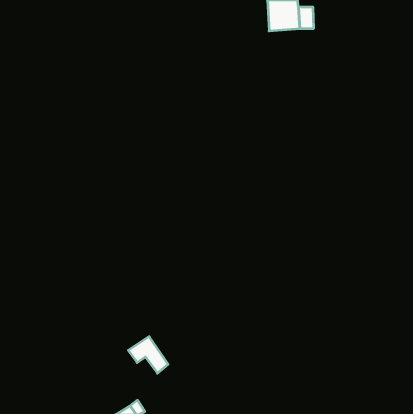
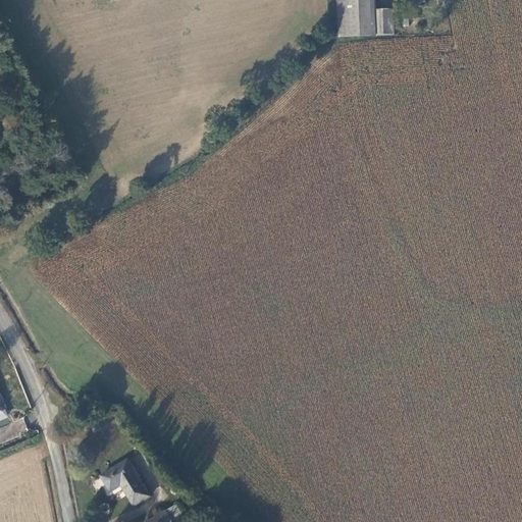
building: [128,337,168,373] -> [101,459,151,505]

